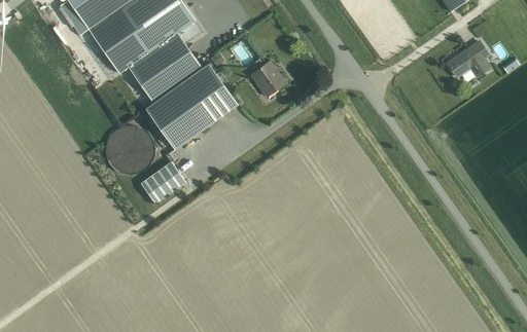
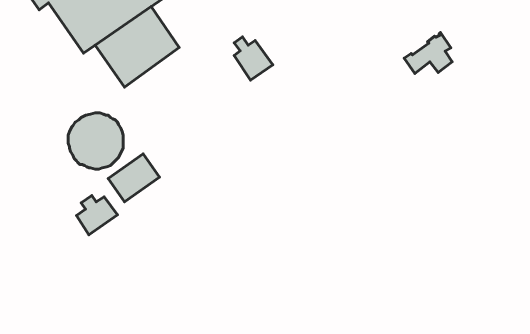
building: [447,41,489,77] -> [404,33,452,74]
building: [146,65,237,149] -> none
building: none -> [76,195,118,235]

